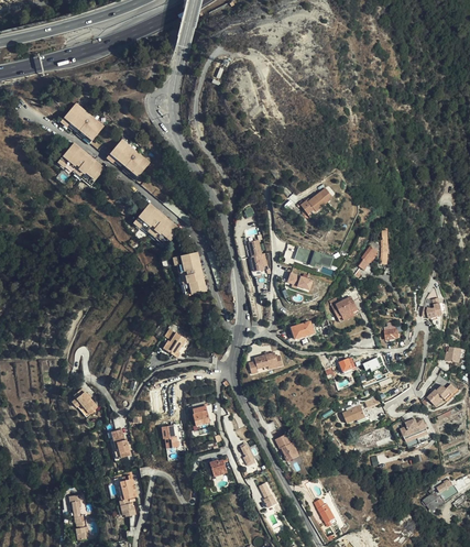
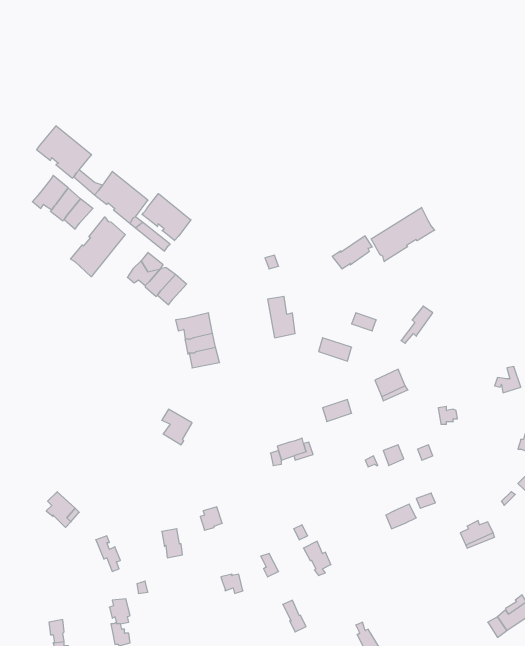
building: none -> [142,194,191,241]
building: none -> [371,207,435,262]
building: none -> [71,217,125,277]

